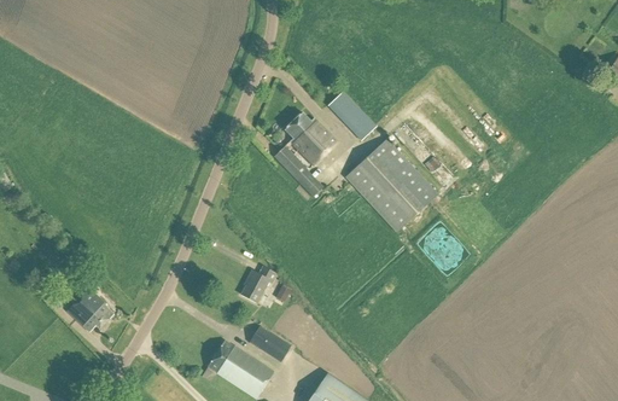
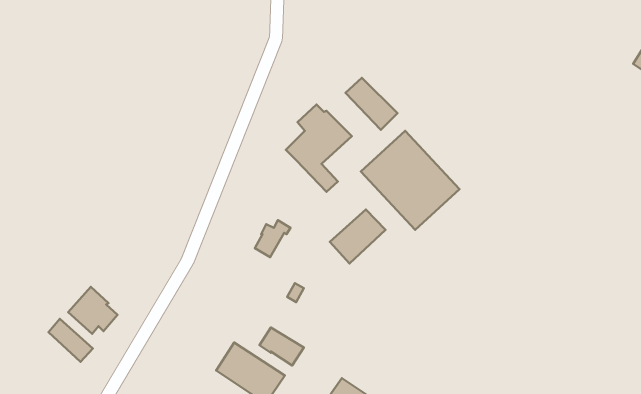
building: none -> [330,210,385,263]
building: [239,268,273,303] -> [255,220,290,257]
building: none -> [49,319,93,362]

